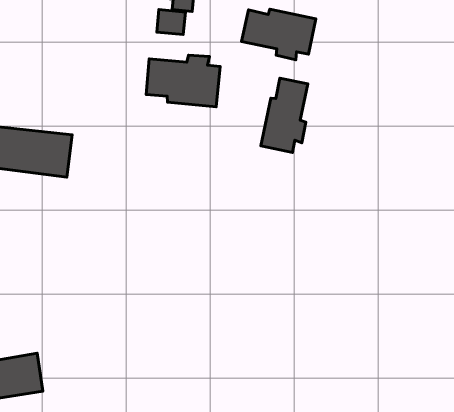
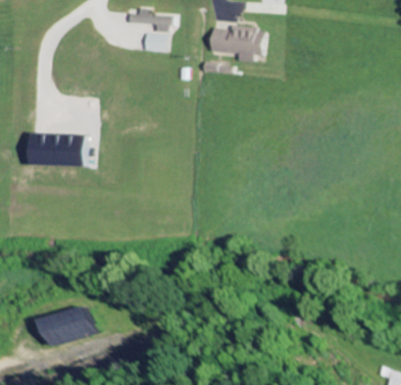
building: [146,55,220,107] -> none
building: [261,78,308,153] -> none

